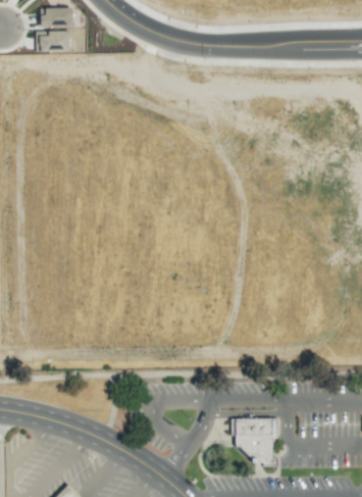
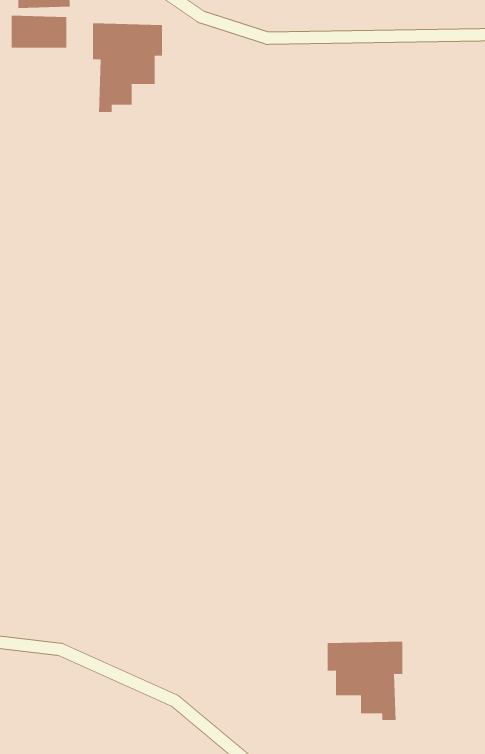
building: none -> [92,23,163,113]

